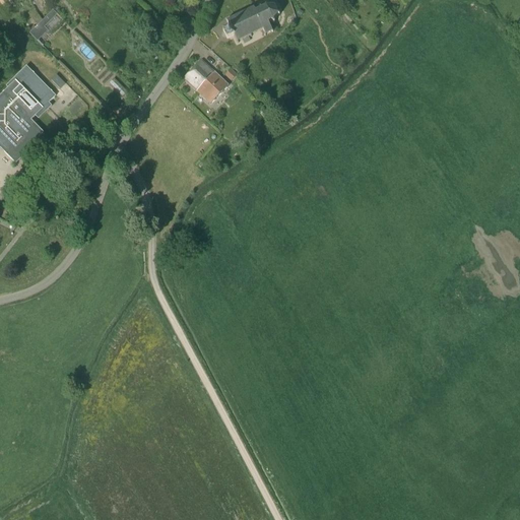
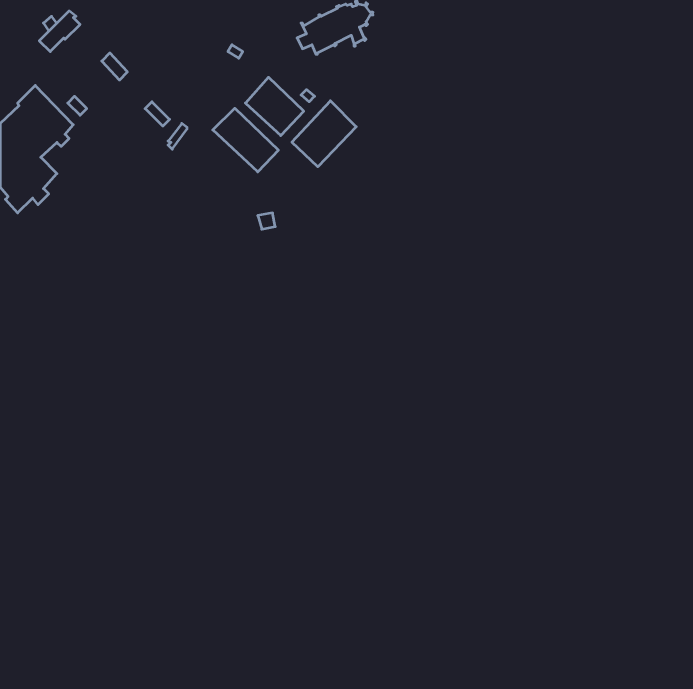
building: none -> [292,101,356,167]
building: none -> [213,108,278,172]

